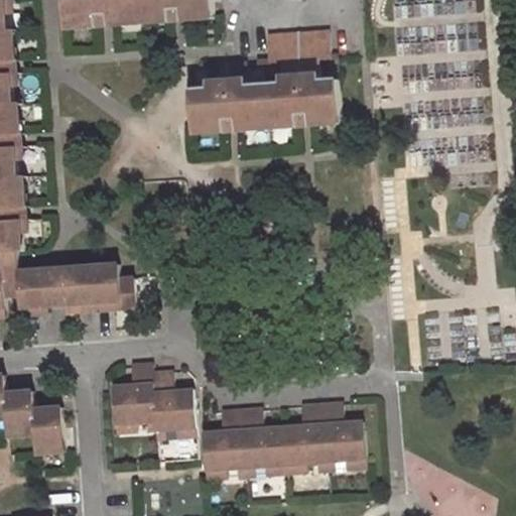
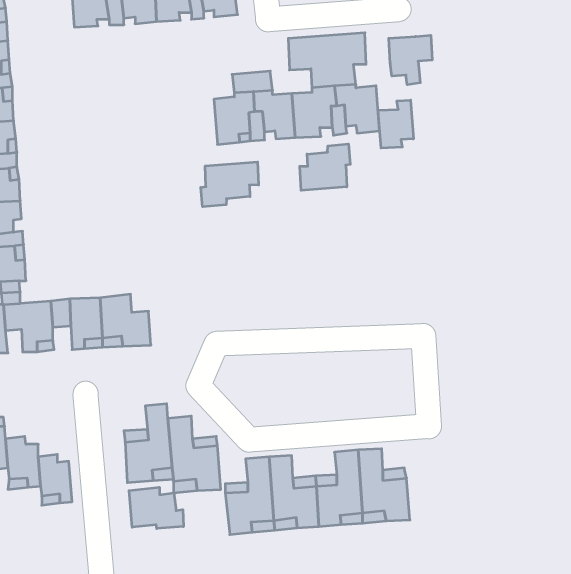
building: none -> [389,35,432,85]
building: none -> [378,100,413,148]
building: none -> [300,144,350,190]
building: none -> [201,162,259,207]
building: none -> [129,487,183,529]

